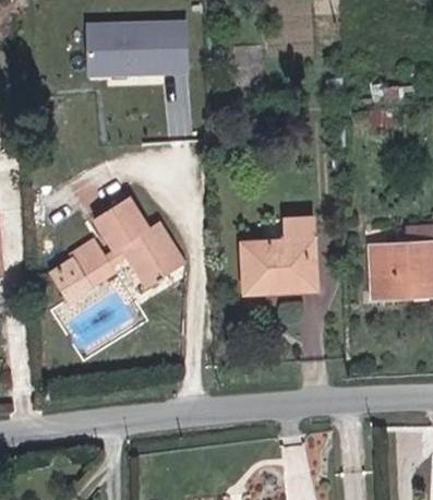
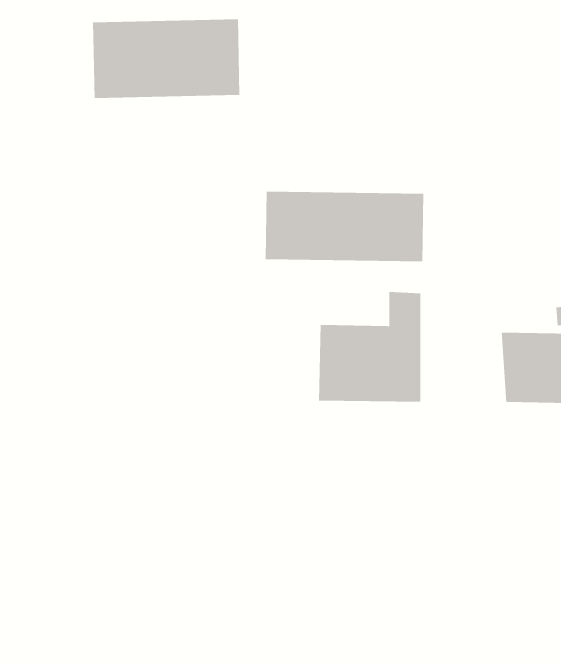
building: none -> [265,191,424,262]
building: [62,198,189,298] -> none

